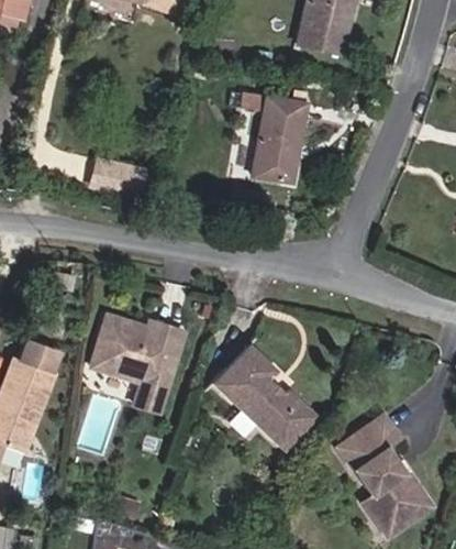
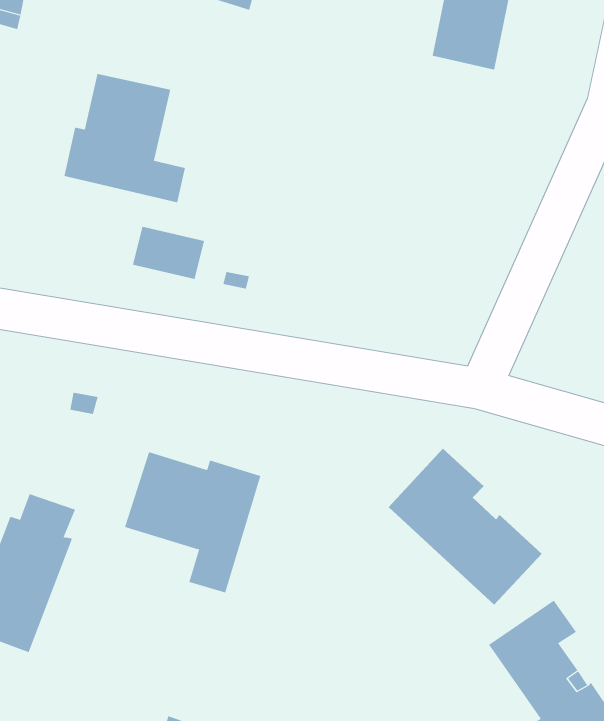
building: none -> [64,73,186,203]
building: [242,94,308,183] -> none
building: [212,343,318,451] -> [388,448,543,605]

